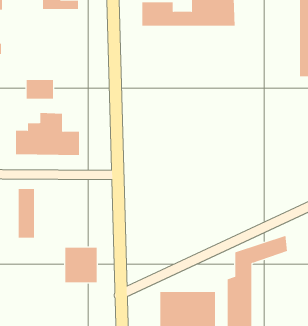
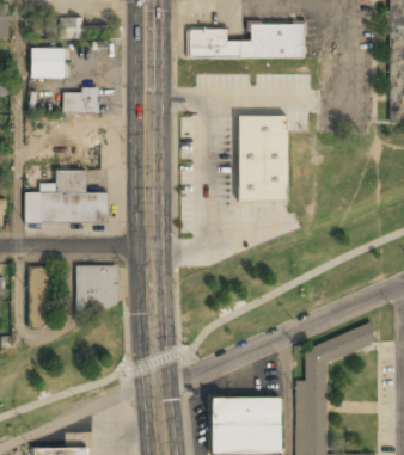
building: none -> [31,48,66,78]
building: none -> [233,116,284,202]
building: [26,80,54,99] -> [63,88,99,113]
building: [65,247,97,283] -> [75,265,117,310]

